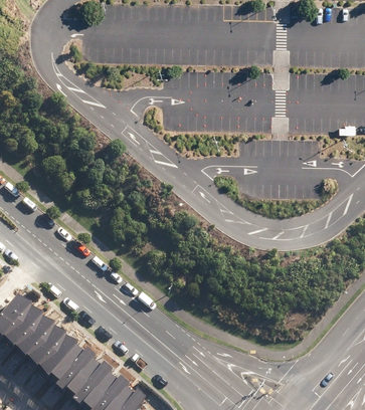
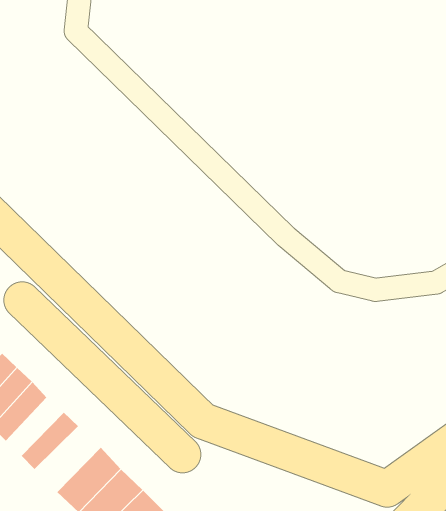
building: [31,326,69,367] -> none
building: [52,344,97,390] -> none

